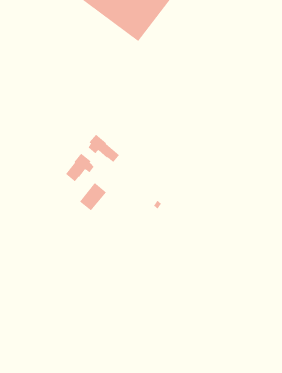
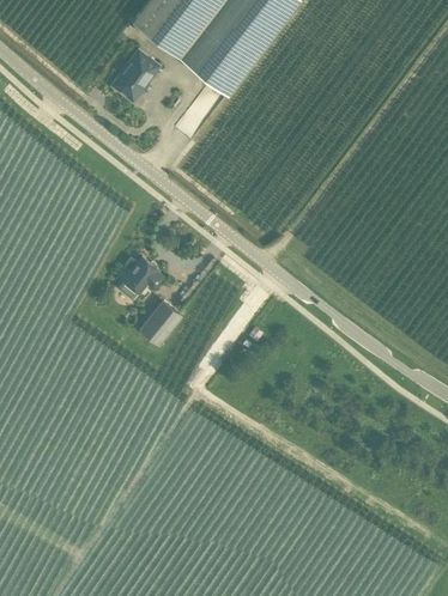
building: none -> [111,50,155,98]
building: [88,134,120,163] -> none

